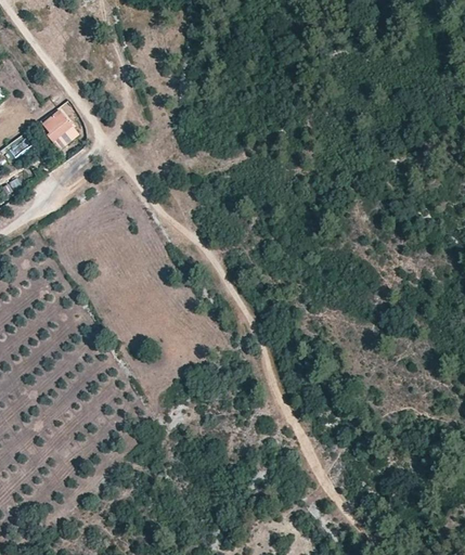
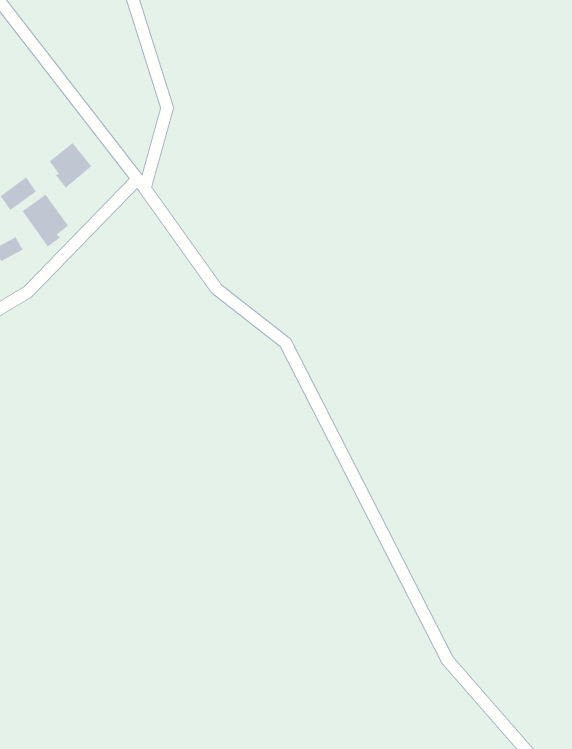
building: none -> [22,194,69,248]

